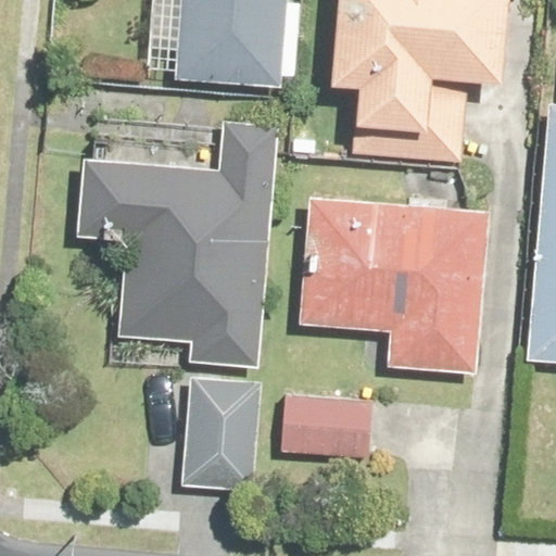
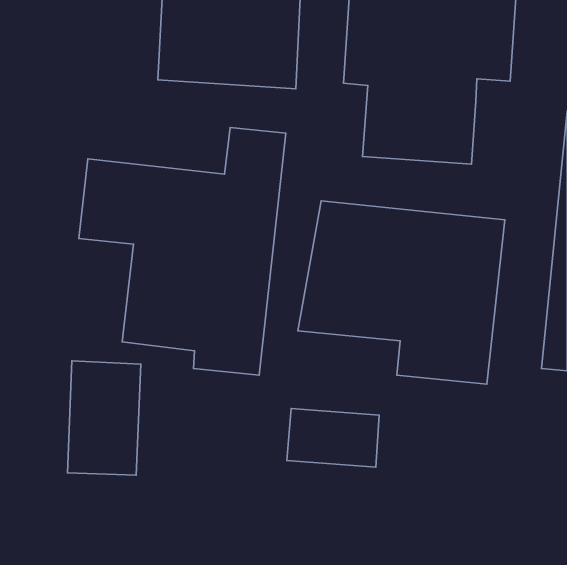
building: [177,380,249,492] -> [67,361,141,475]

